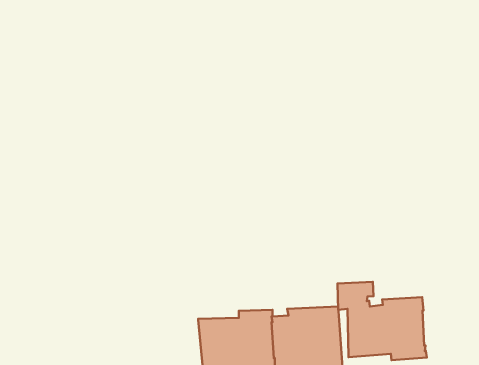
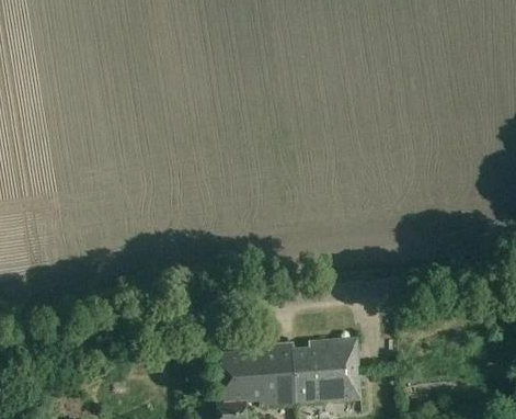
building: [338,282,427,360] -> none

